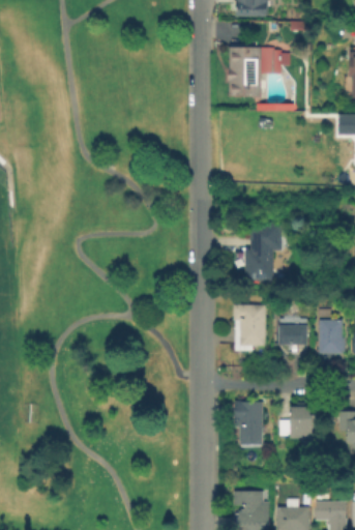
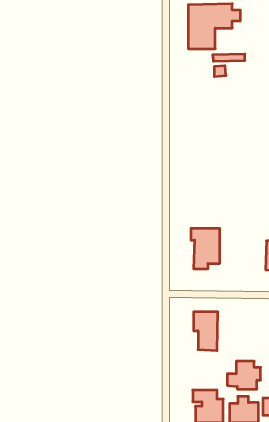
building: [234,222,283,283] -> none
building: [276,317,307,350] -> none
building: [278,407,317,439] -> [227,361,261,389]

